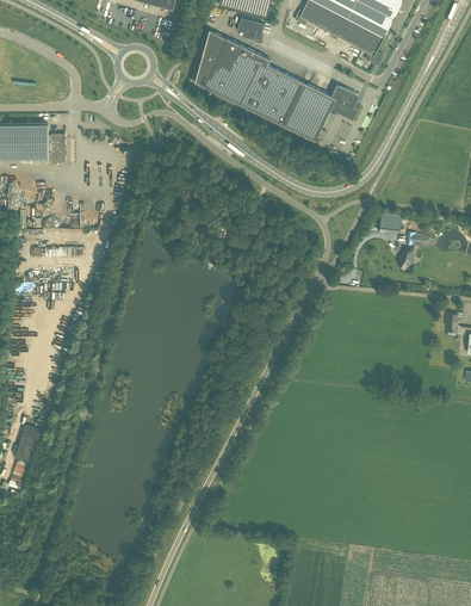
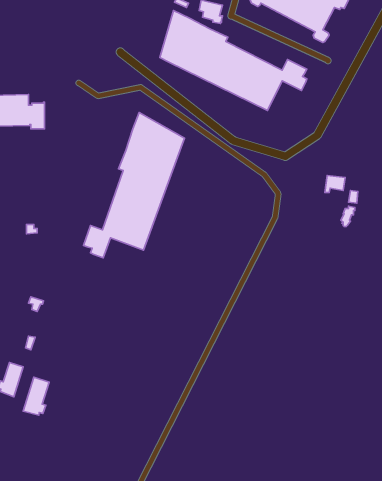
building: none -> [83,113,184,258]
building: none -> [23,377,49,415]

